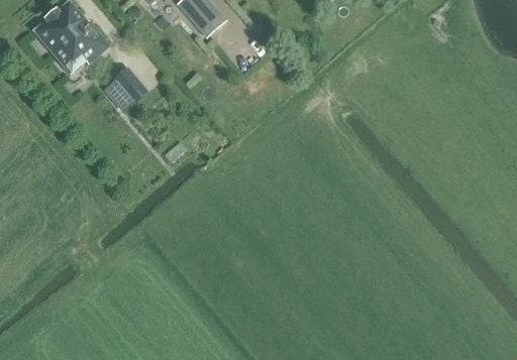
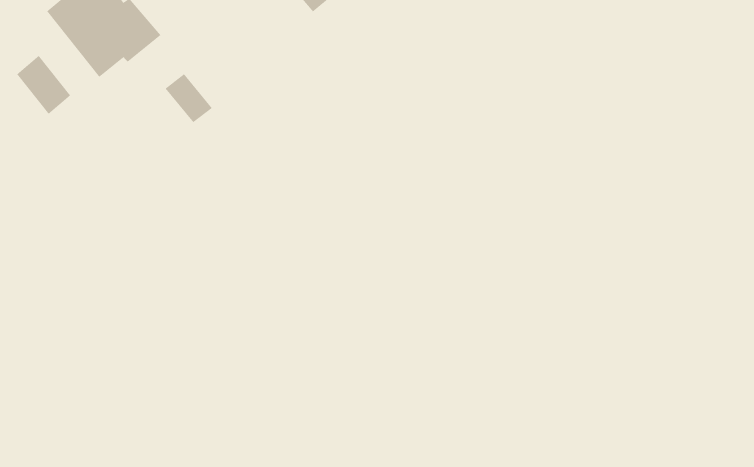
building: none -> [16,55,71,115]

